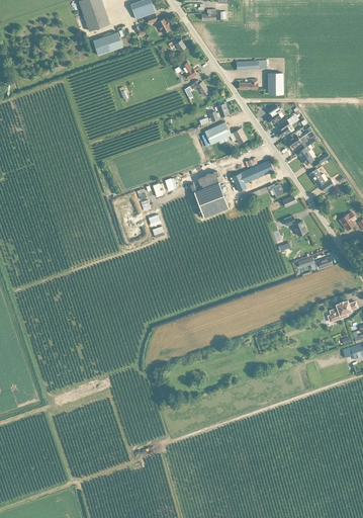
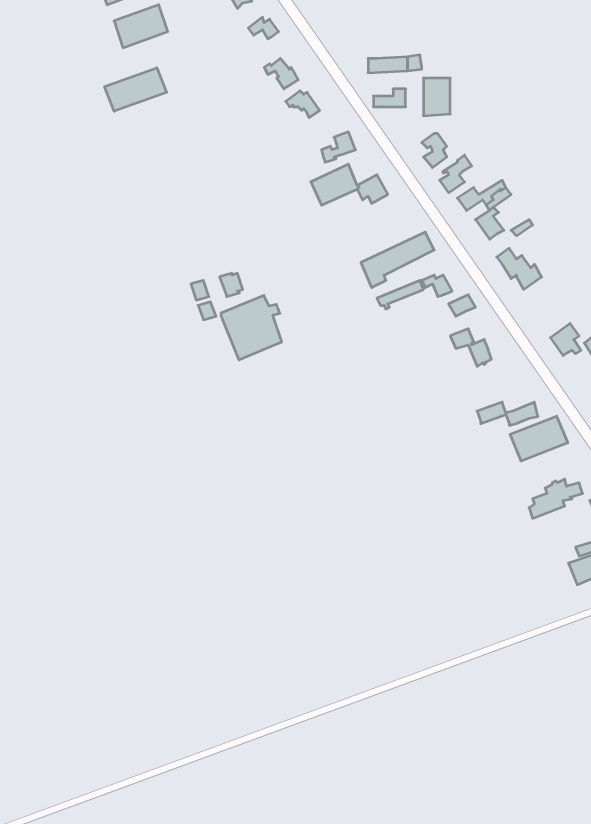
building: none -> [105,68,167,111]
building: [193,181,228,218] -> [221,295,282,360]
building: none -> [510,416,568,461]

